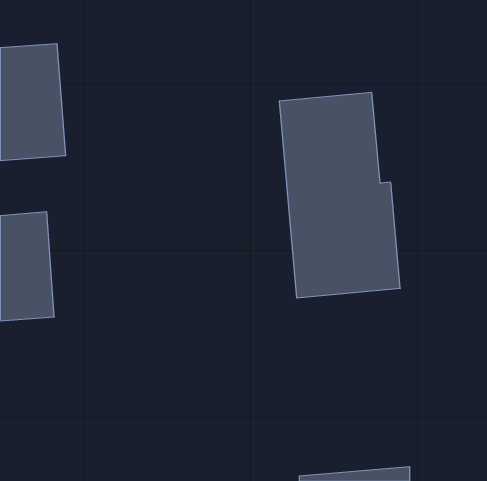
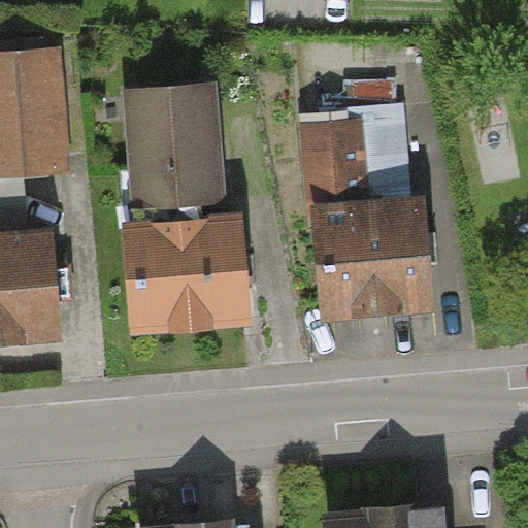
building: none -> [124,85,223,211]
building: none -> [123,213,248,335]

